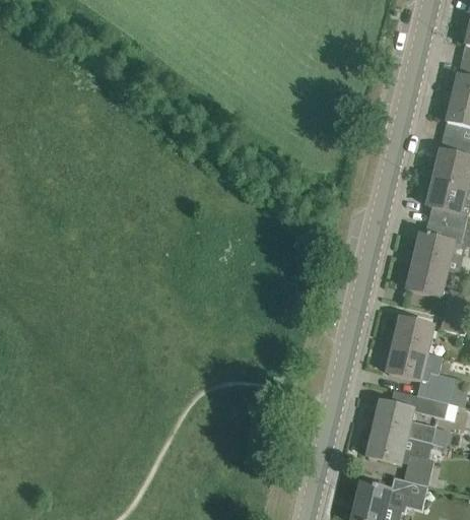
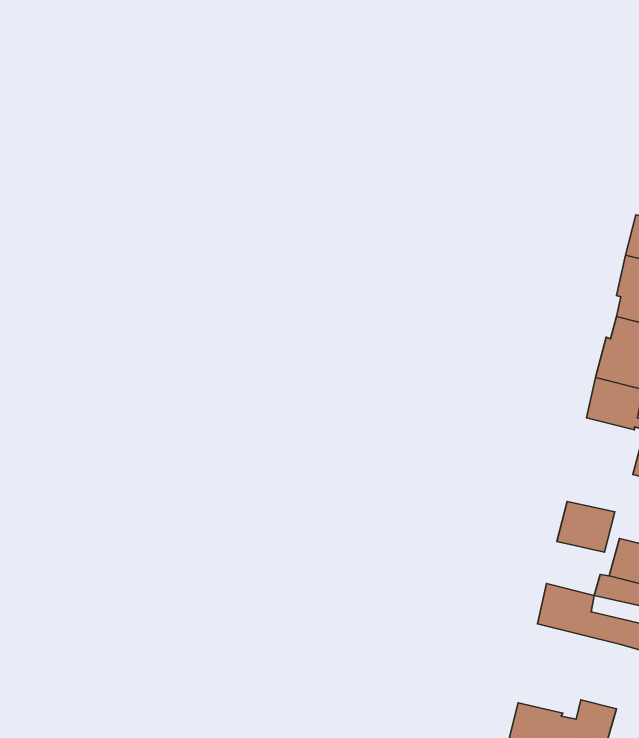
building: [395,317,433,351] -> none
building: [367,428,439,485] -> none

